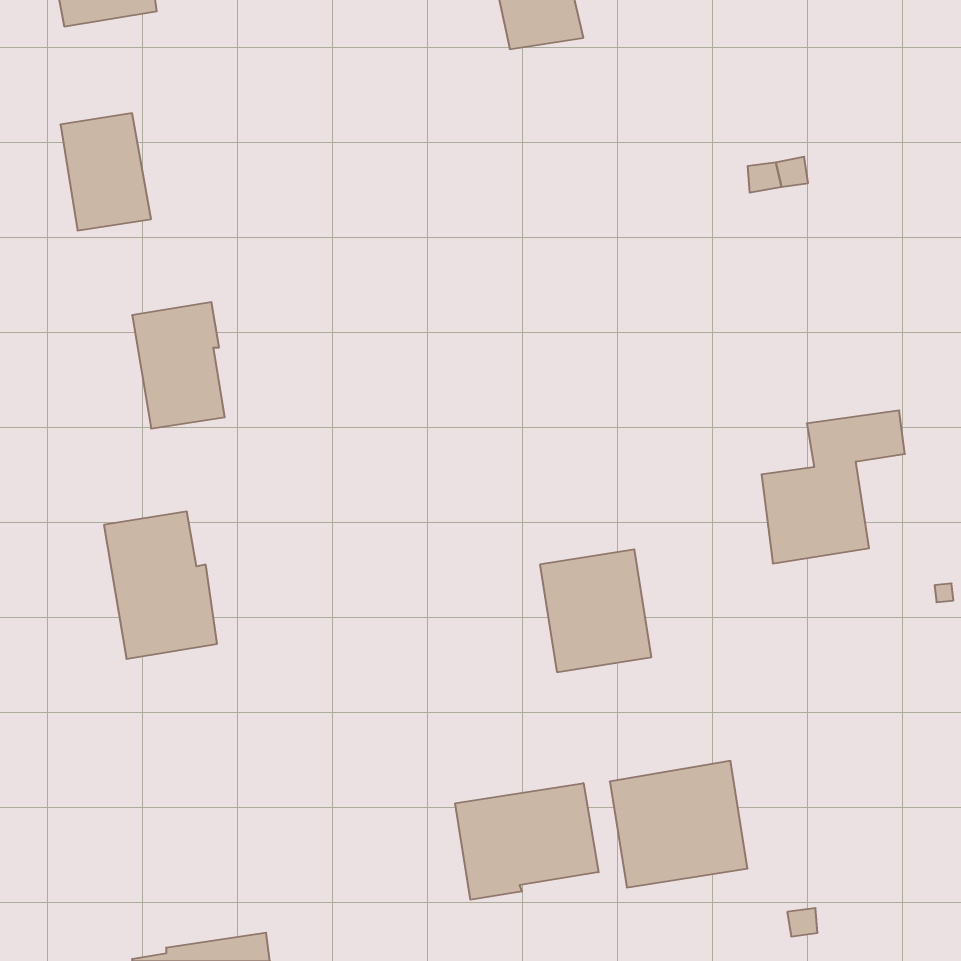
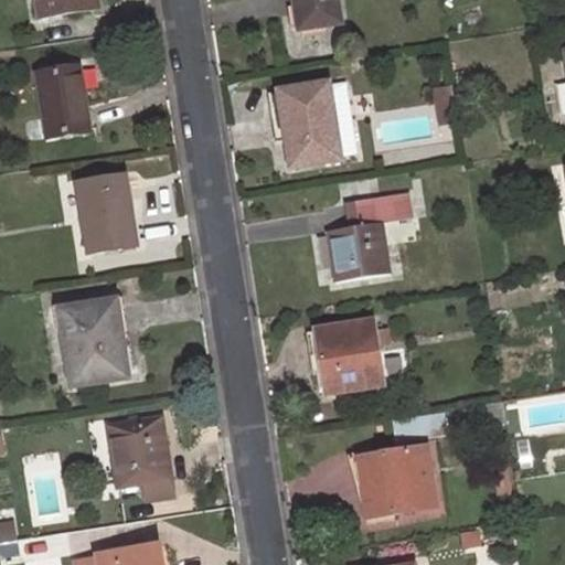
building: none -> [278,83,341,166]
building: [761,410,905,563] -> [327,192,411,281]
building: none -> [107,415,172,495]
building: [455,783,599,900] -> none

